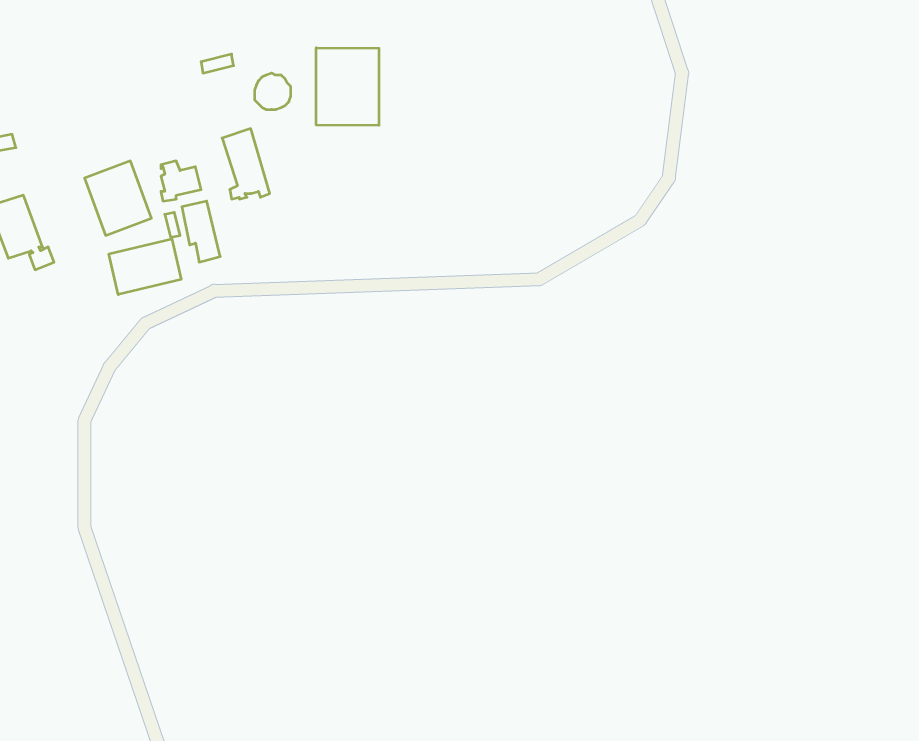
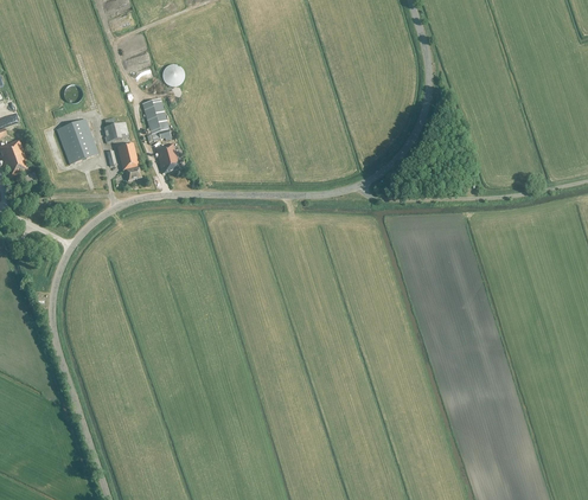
building: [316,48,379,125] -> none
building: none -> [154,142,181,173]
building: [109,239,181,295] -> none

